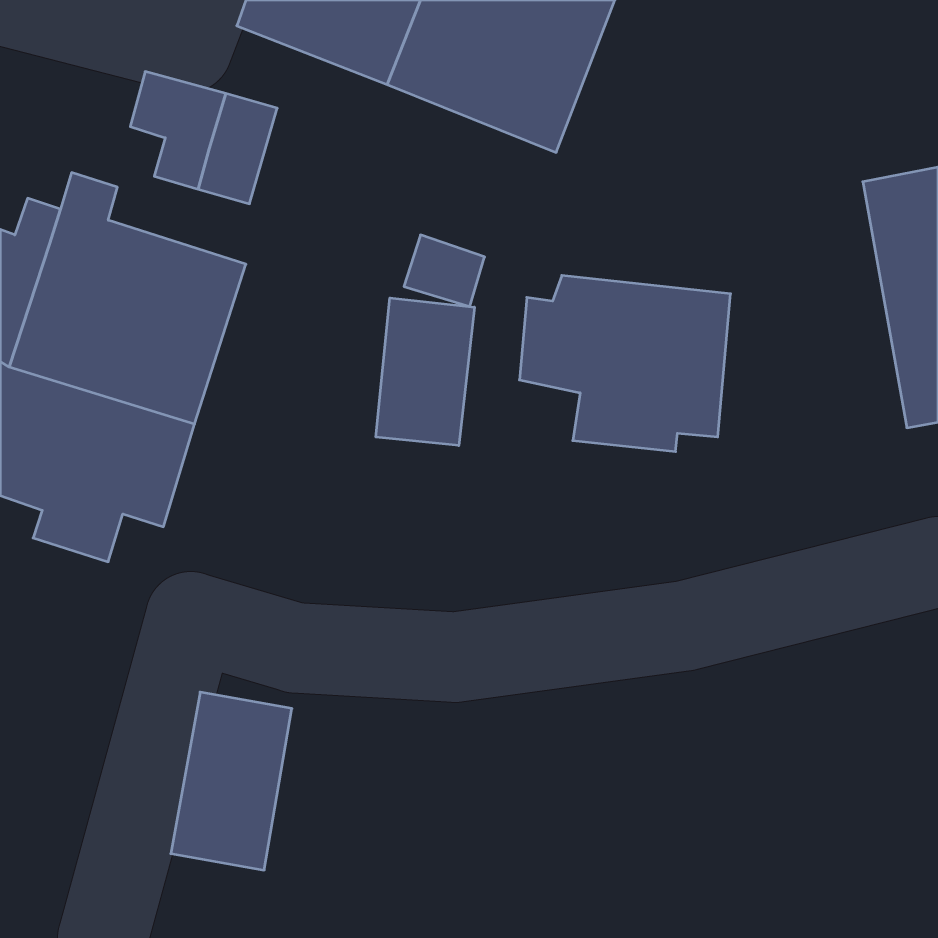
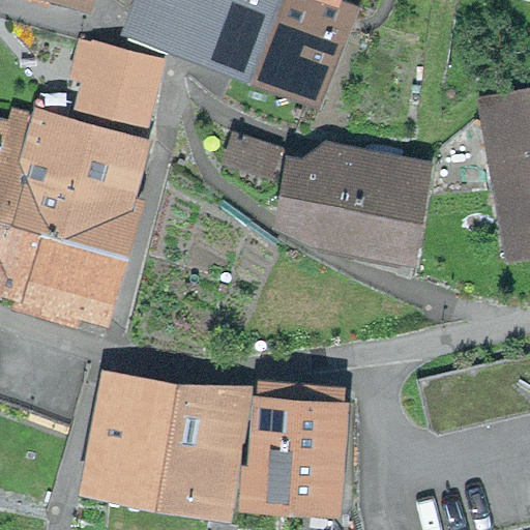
building: [376,298,474,446] -> none
building: none -> [149,383,240,503]
building: none -> [249,384,336,497]

